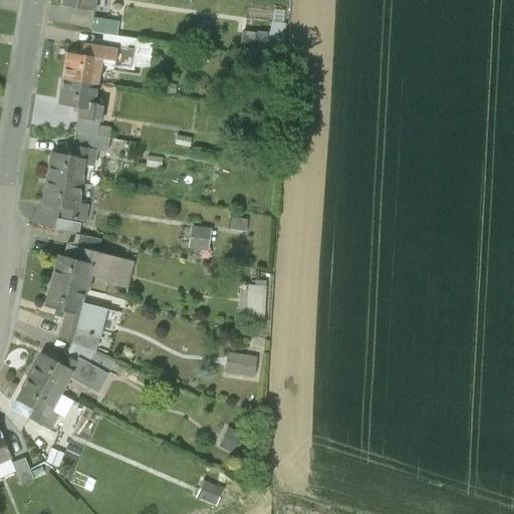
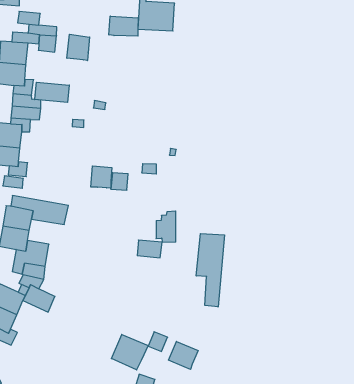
building: none -> [109,16,138,36]
building: none -> [67,34,90,61]
building: none -> [35,82,69,102]
building: none -> [91,166,112,188]
building: none -> [196,234,224,307]
building: [226,352,258,376] -> [137,240,162,258]
building: none -> [111,334,148,370]
building: none -> [169,341,198,369]

